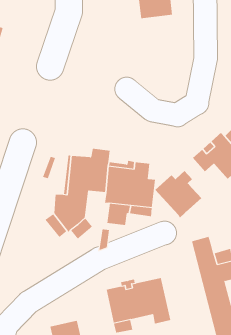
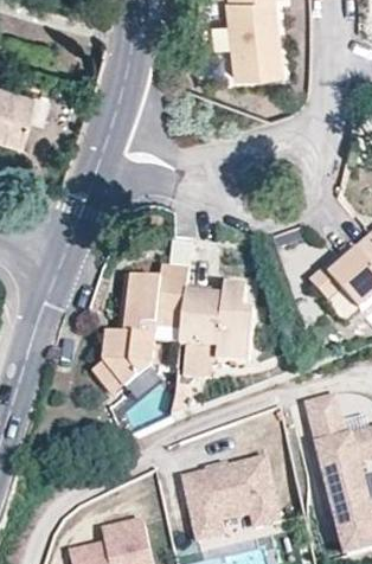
building: [155,170,202,218] -> none

